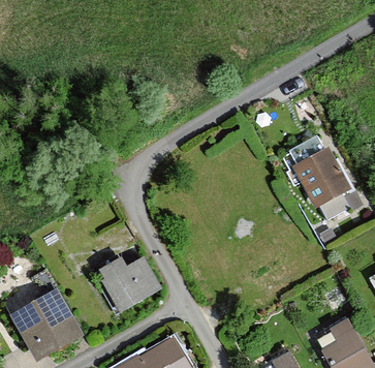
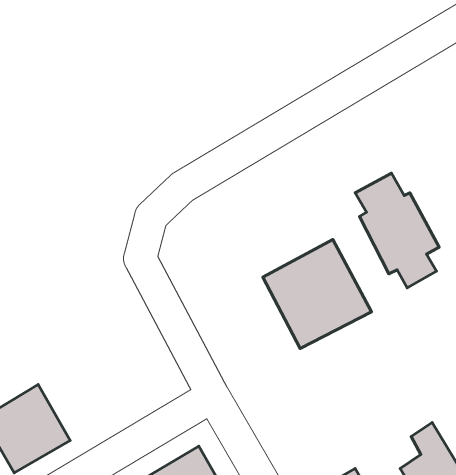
building: none -> [263,240,372,349]
building: [98,258,157,307] -> none

